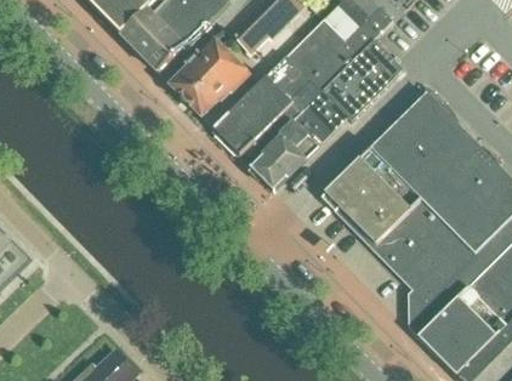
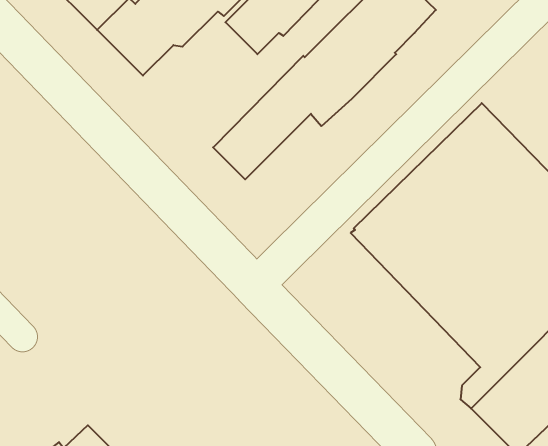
building: [249,34,402,186] -> none
building: [170,36,246,112] -> none

